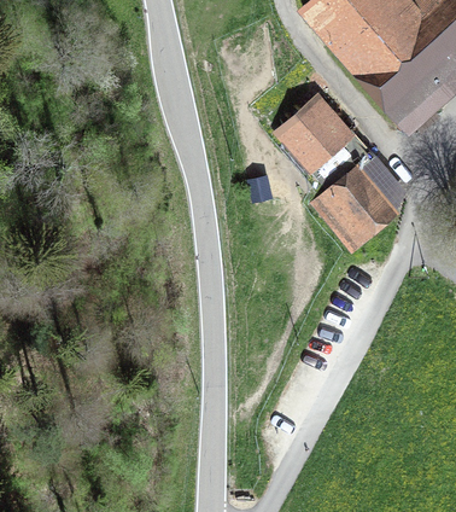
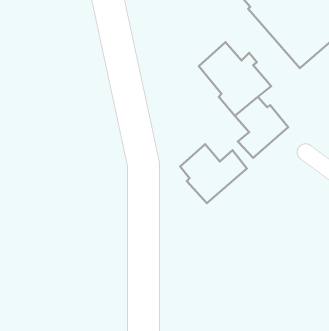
building: none -> [180,144,247,203]

